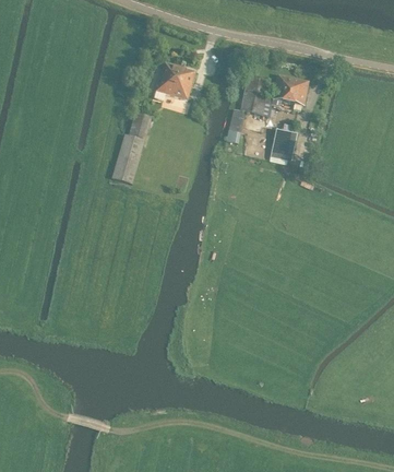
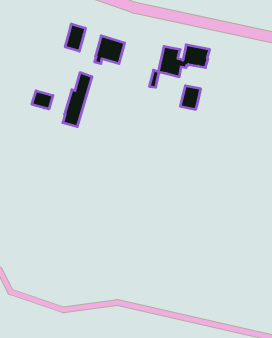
building: none -> [65,24,85,51]
building: none -> [32,91,53,109]

